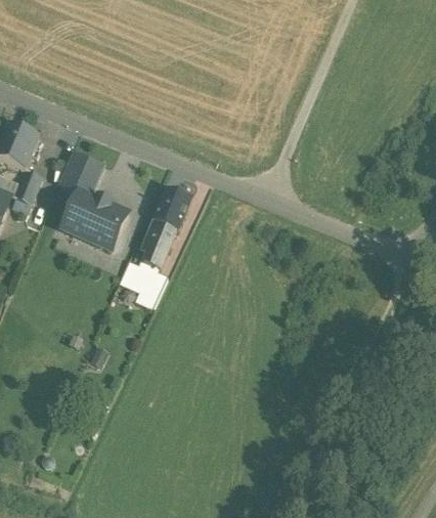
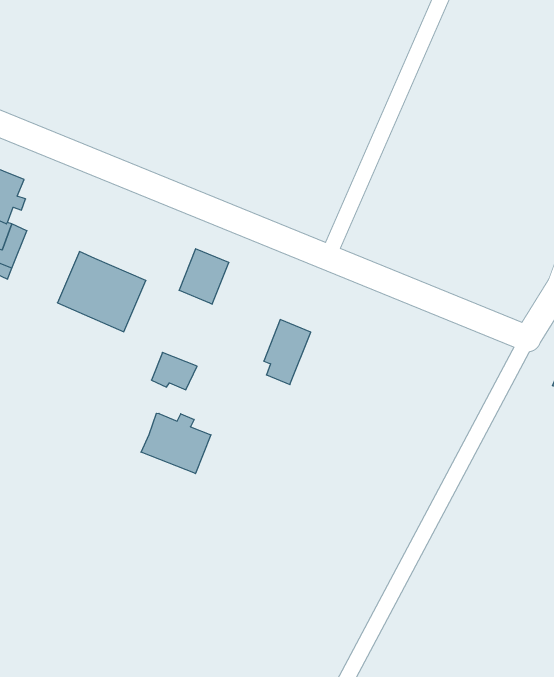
building: [60,152,103,196] -> none
building: [140,219,175,267] -> [264,320,311,385]
building: none -> [141,413,211,474]

